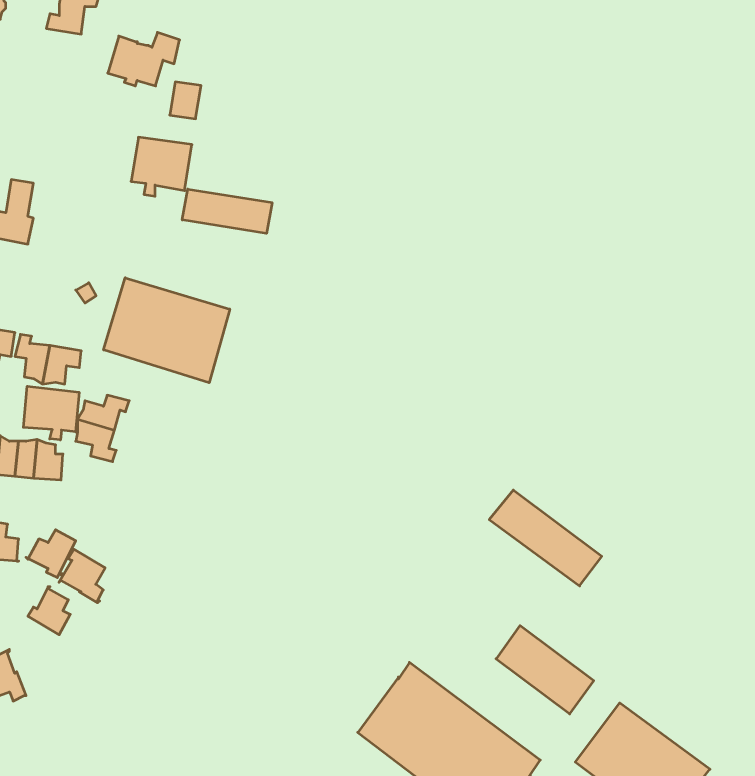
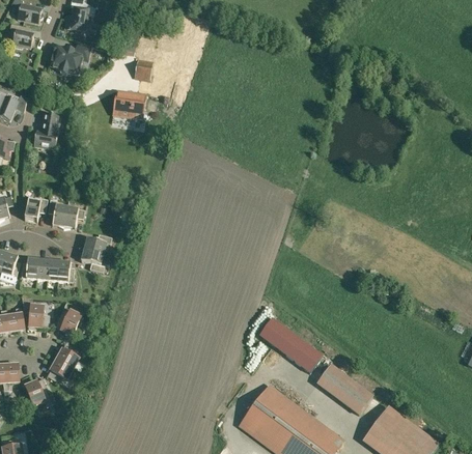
building: [108,32,180,86] -> [50,42,90,73]
building: [182,189,272,233] -> none
building: [104,278,230,383] -> none
building: [23,386,79,440] -> none
building: [489,490,602,586] -> [258,317,322,371]
building: [59,549,105,603] -> [46,358,72,388]

